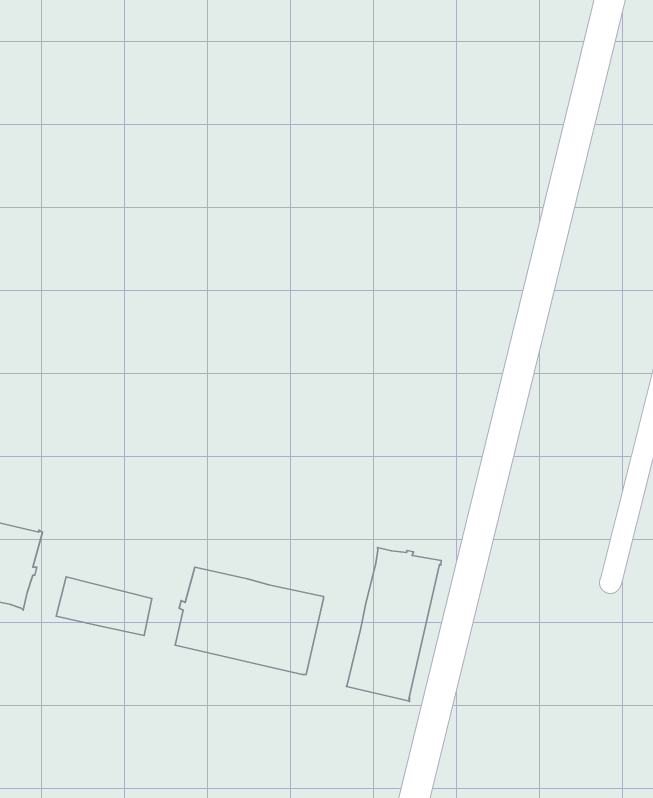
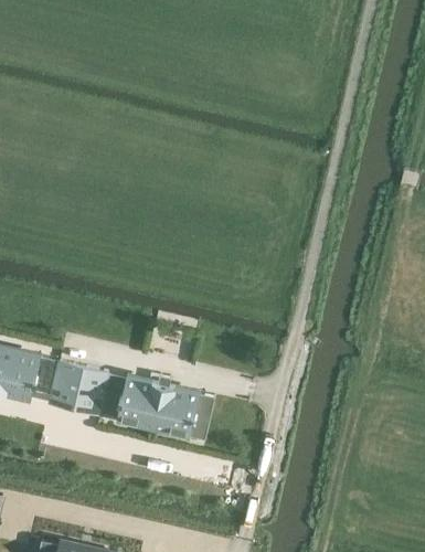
building: none -> [55,359,109,392]
building: [347,547,441,702] -> none

